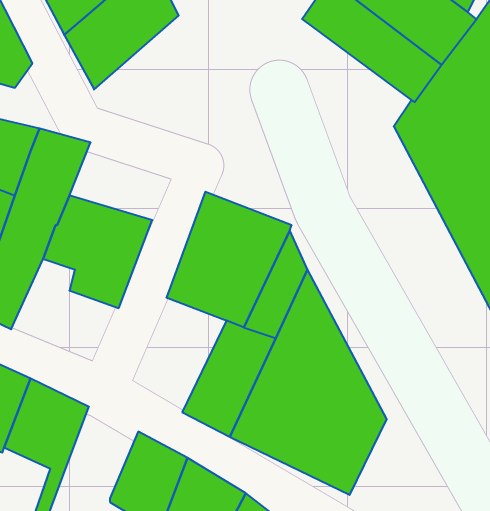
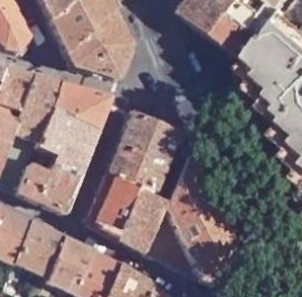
building: none -> [67,10,134,80]
building: none -> [53,83,111,128]
building: none -> [19,150,81,212]
building: none -> [89,172,143,238]
building: none -> [49,235,92,288]

